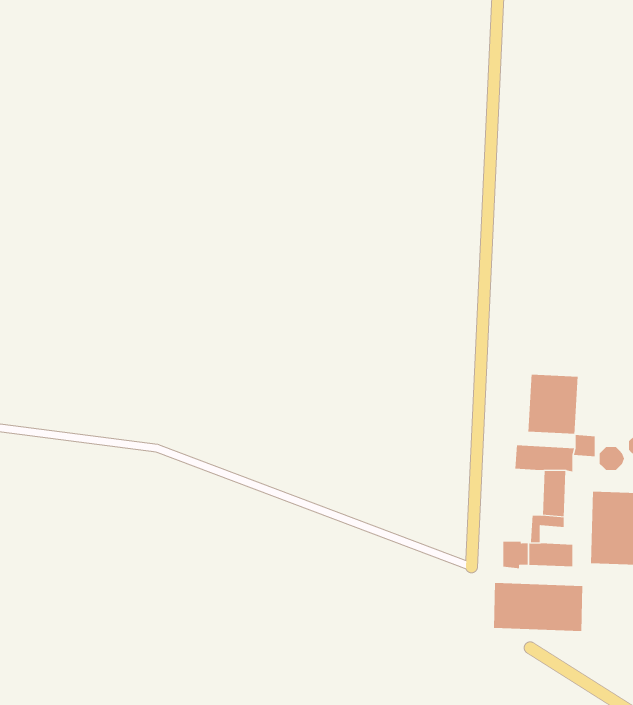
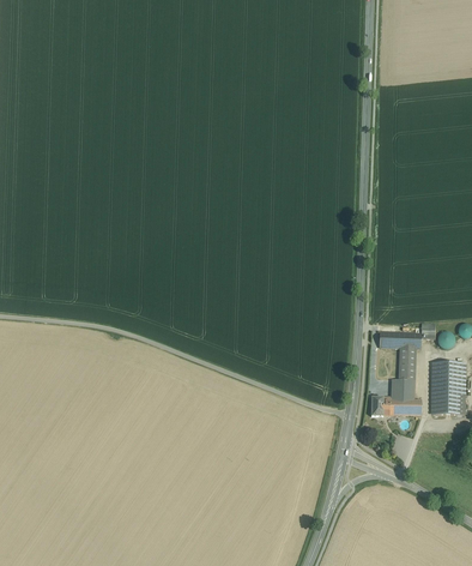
building: [528,374,578,434] -> none
building: [494,582,583,632] -> none

